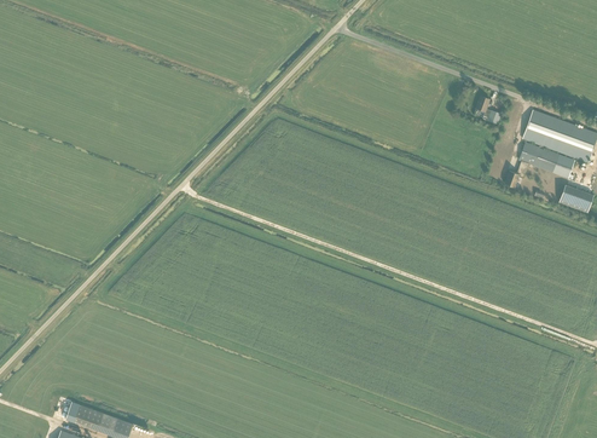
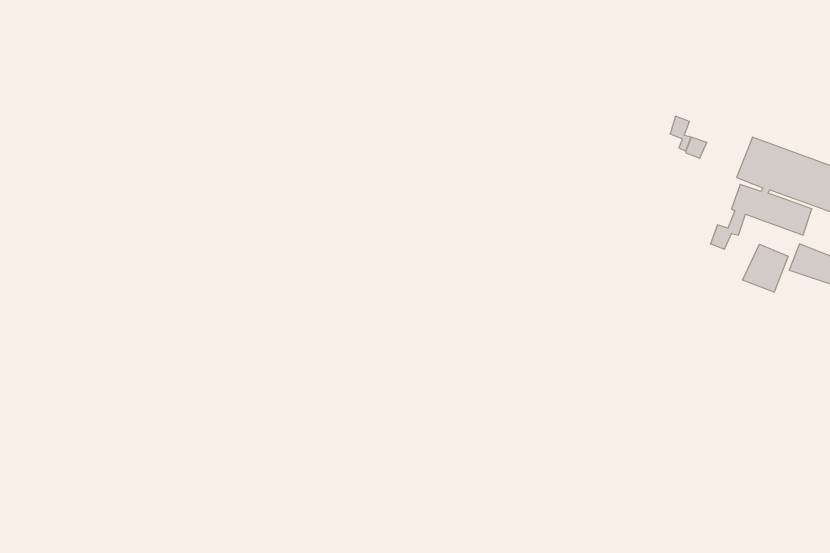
building: none -> [742,244,788,292]

